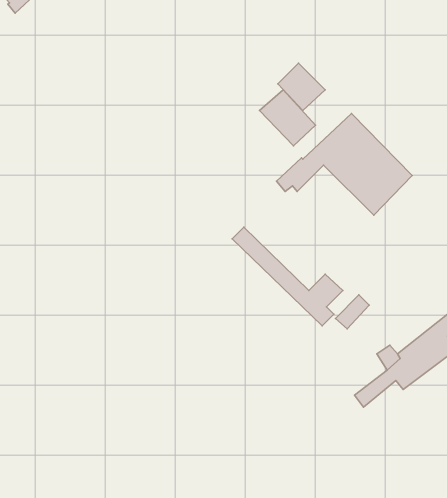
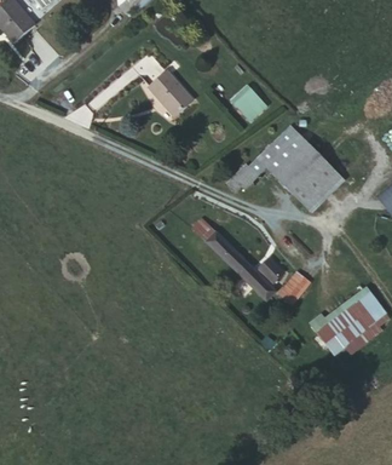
building: [259,90,315,146] -> [146,70,192,116]

